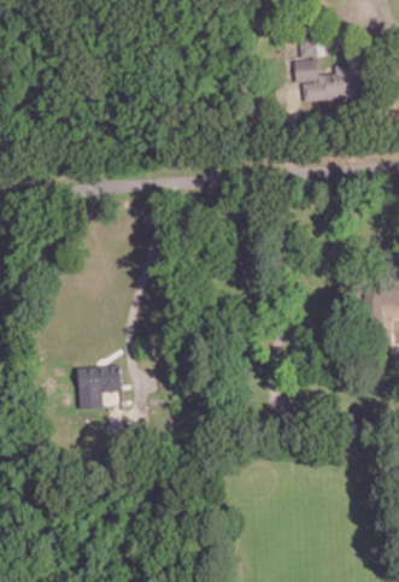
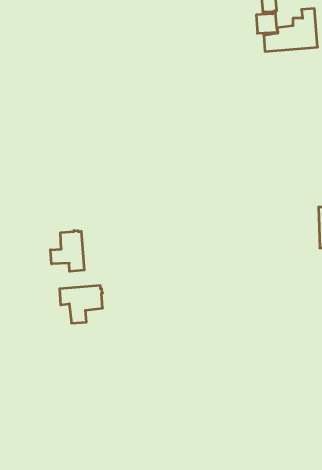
building: none -> [50,230,84,271]

